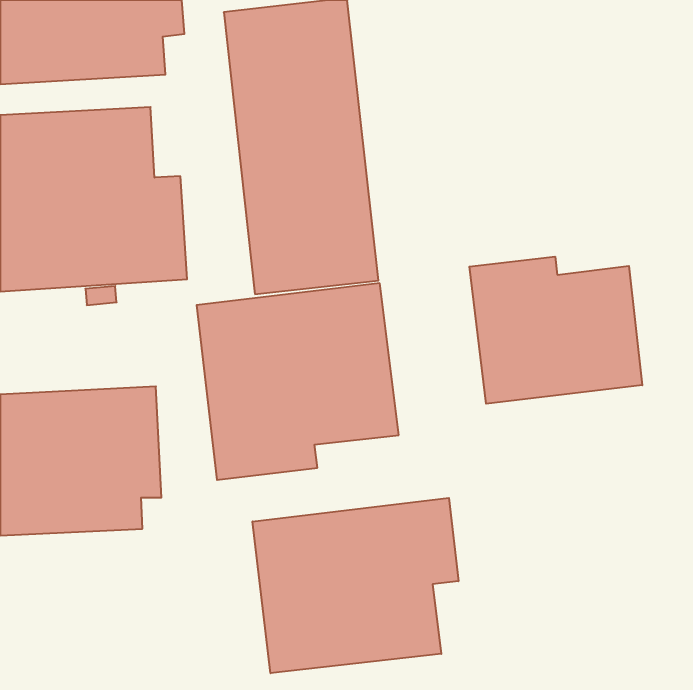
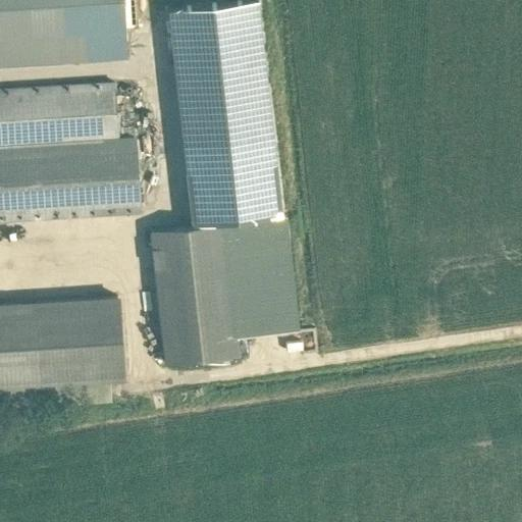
building: [469,257,642,404] -> none
building: [253,498,458,673] -> none

